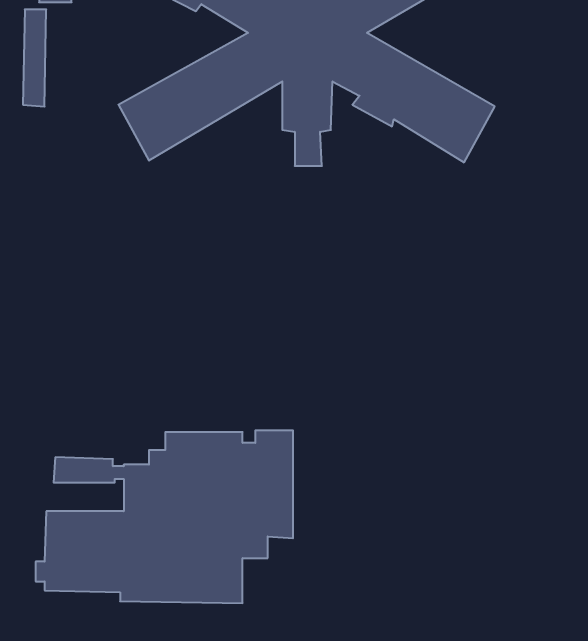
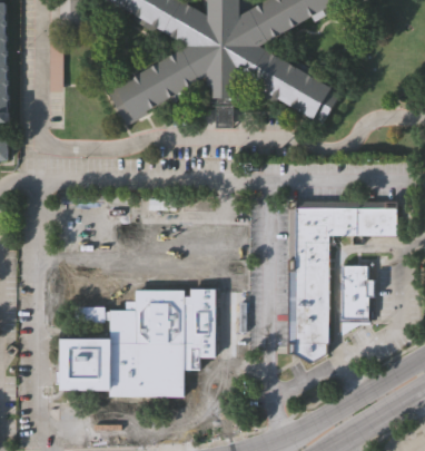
building: none -> [287,194,394,355]
building: none -> [340,267,373,322]

